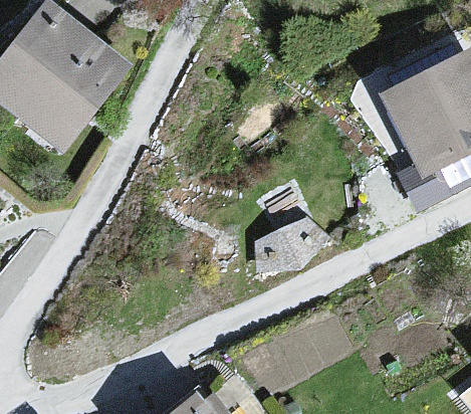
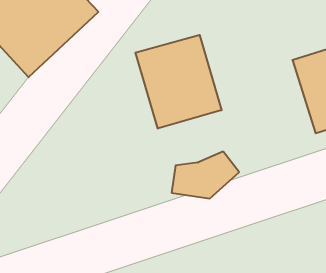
building: none -> [135,35,222,129]

